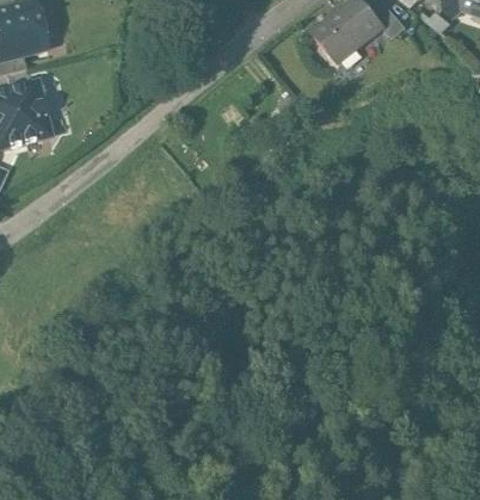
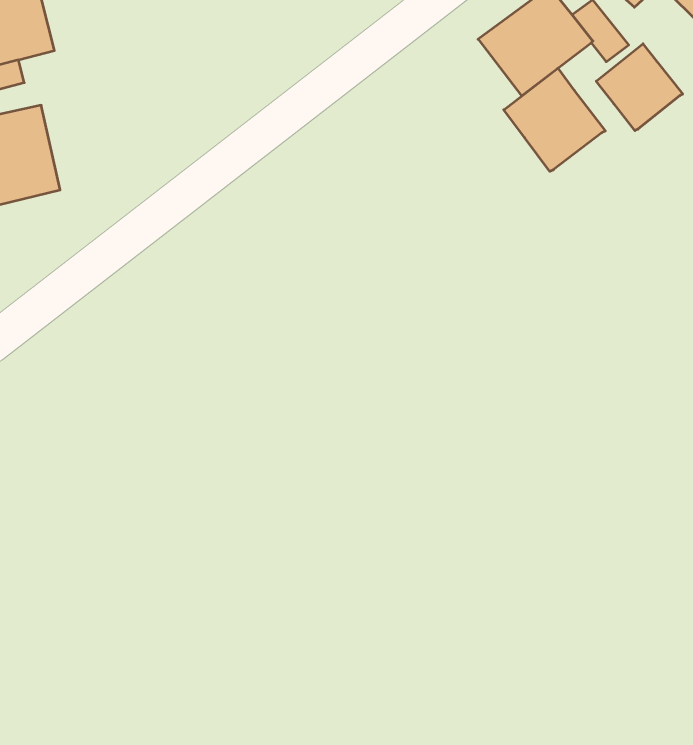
building: none -> [596,44,683,131]
building: none -> [504,68,605,171]

